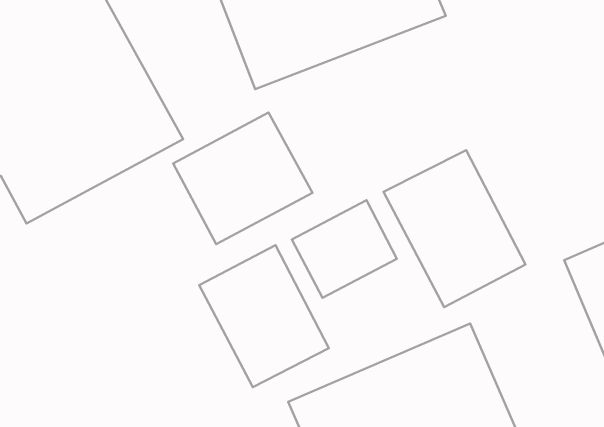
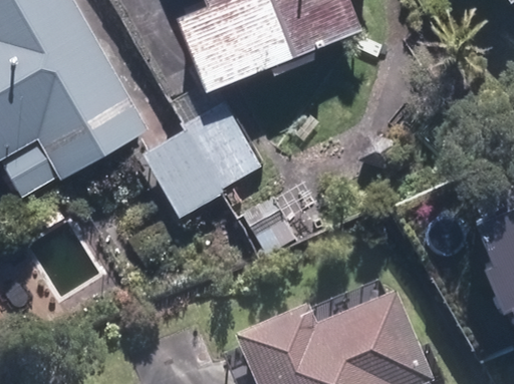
building: [384,150,525,307] -> none
building: [199,245,329,387] -> none

